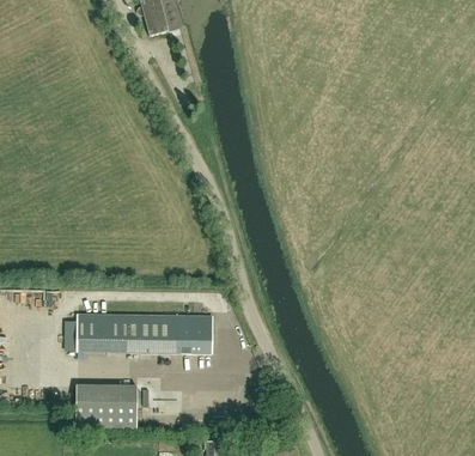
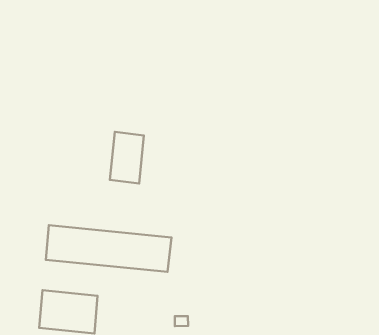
building: none -> [110,132,144,183]

